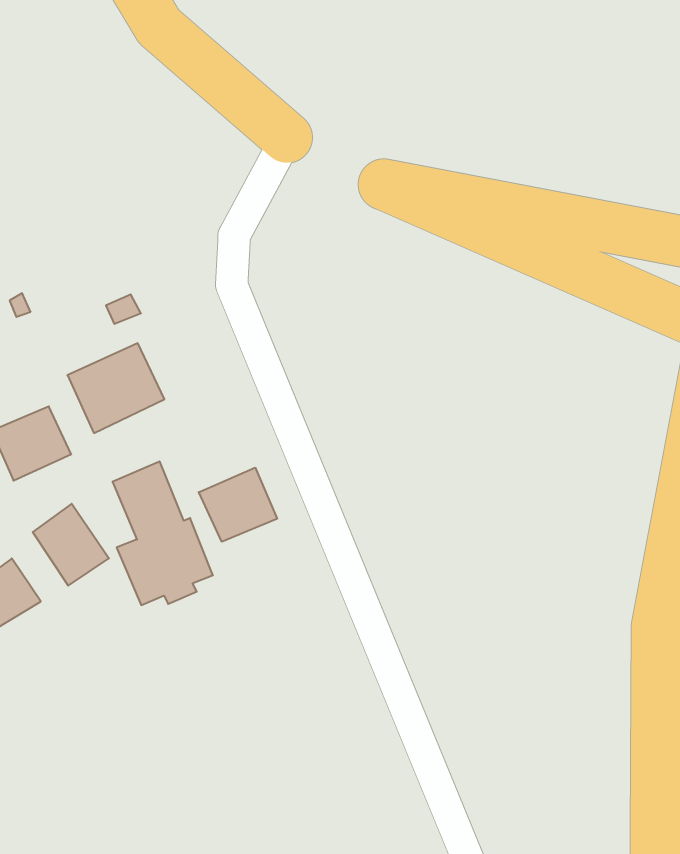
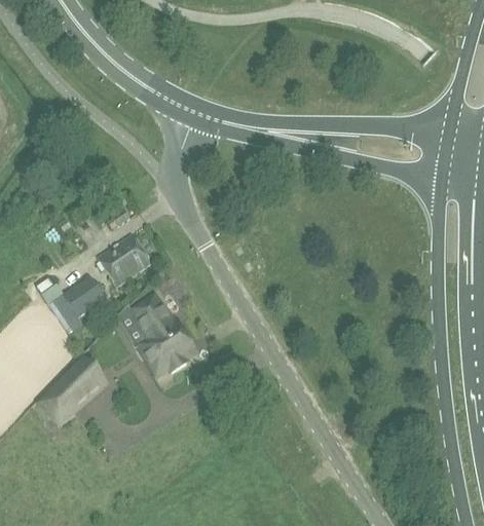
building: [199,468,277,542] -> none
building: [33,504,109,586] -> none

